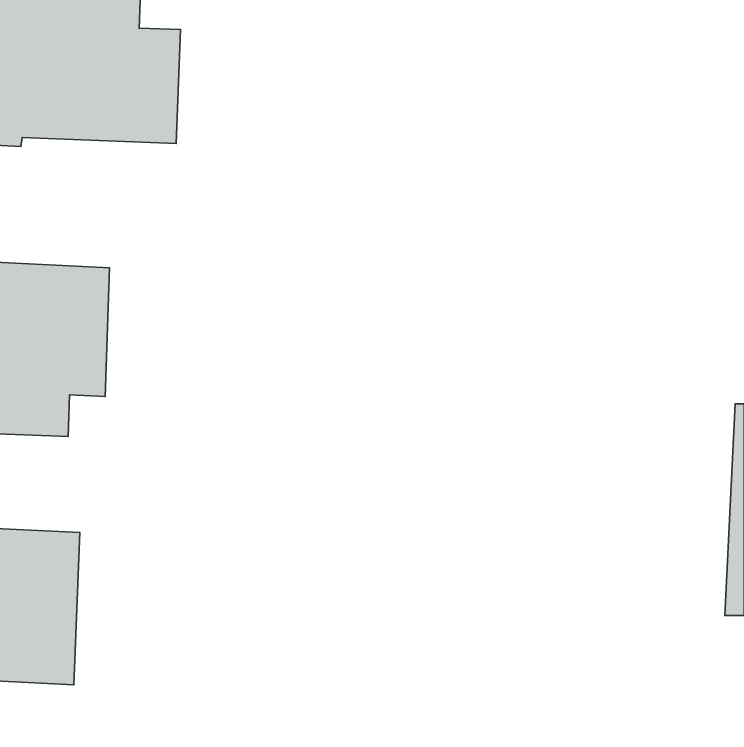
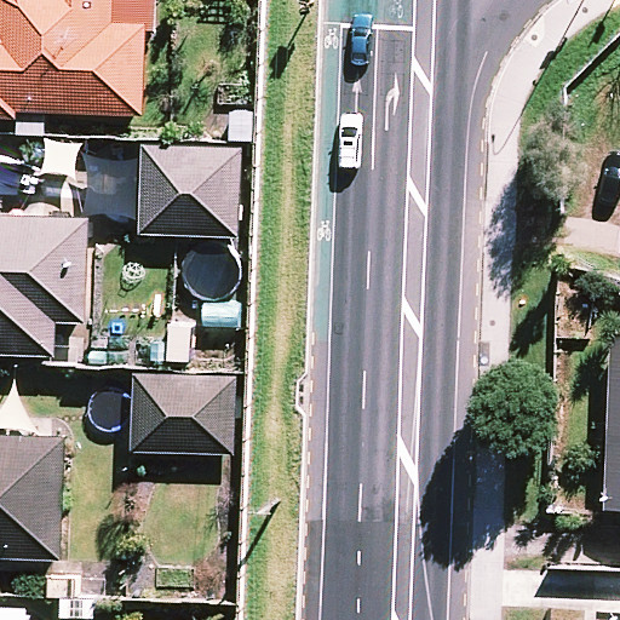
building: none -> [139,144,243,237]
building: none -> [131,372,237,455]

